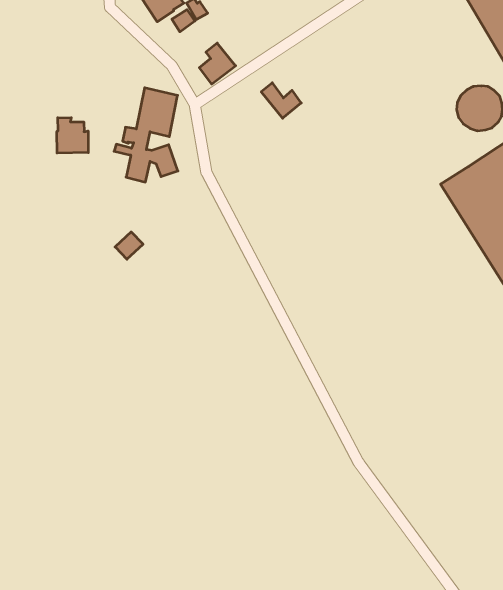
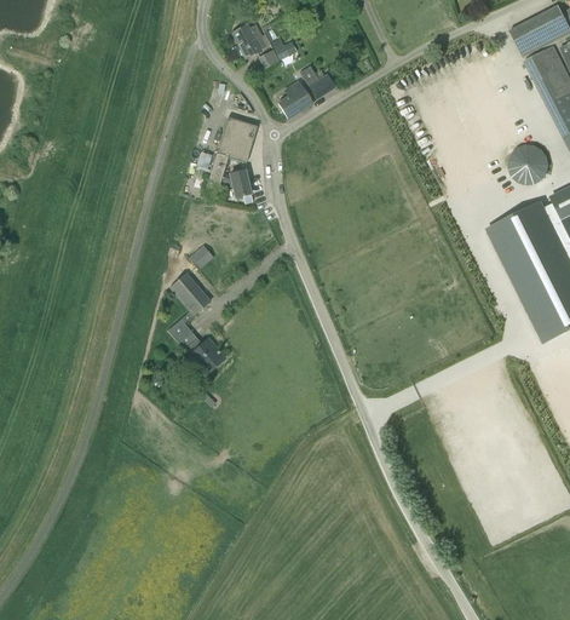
building: [261,83,301,118] -> [301,68,336,101]
building: [57,118,88,153] -> none
building: none -> [168,272,224,373]

